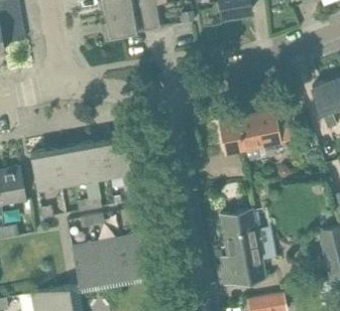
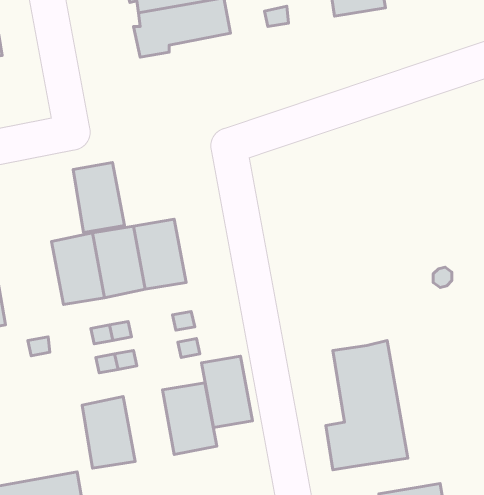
building: [220,109,292,155] -> none
building: [31,151,62,192] -> [73,163,124,232]
building: [97,239,127,281] -> [201,356,253,428]

